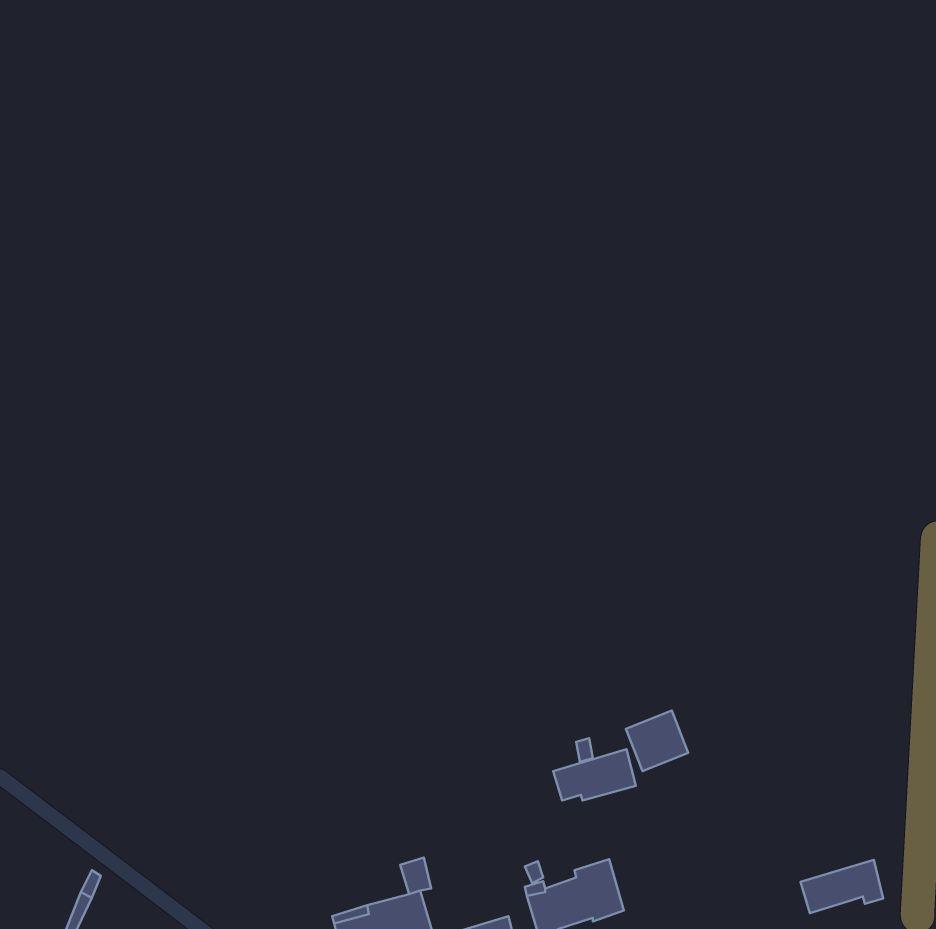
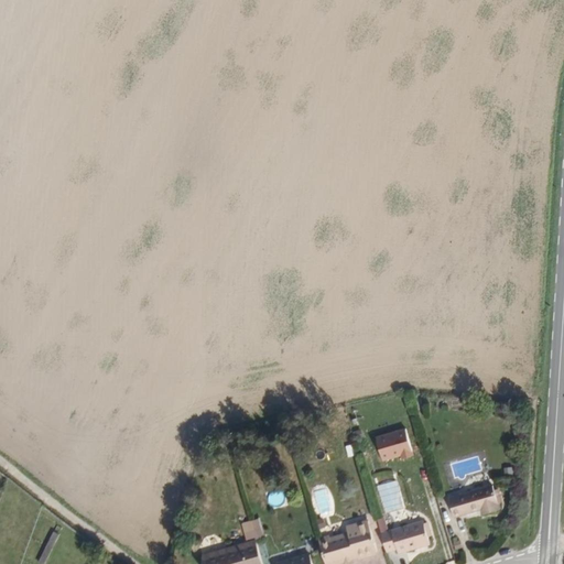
building: [553,749,636,800] -> [379,520,429,551]
building: [801,860,883,913] -> [447,486,497,518]

